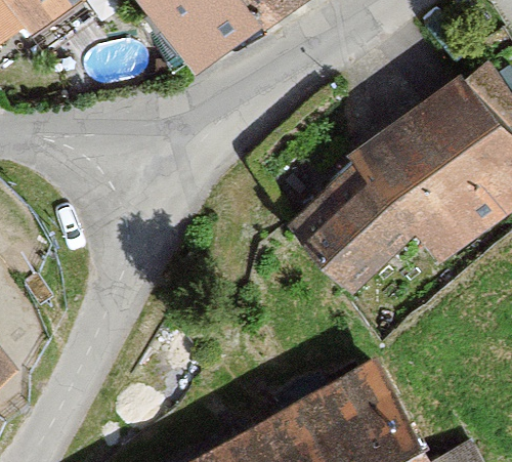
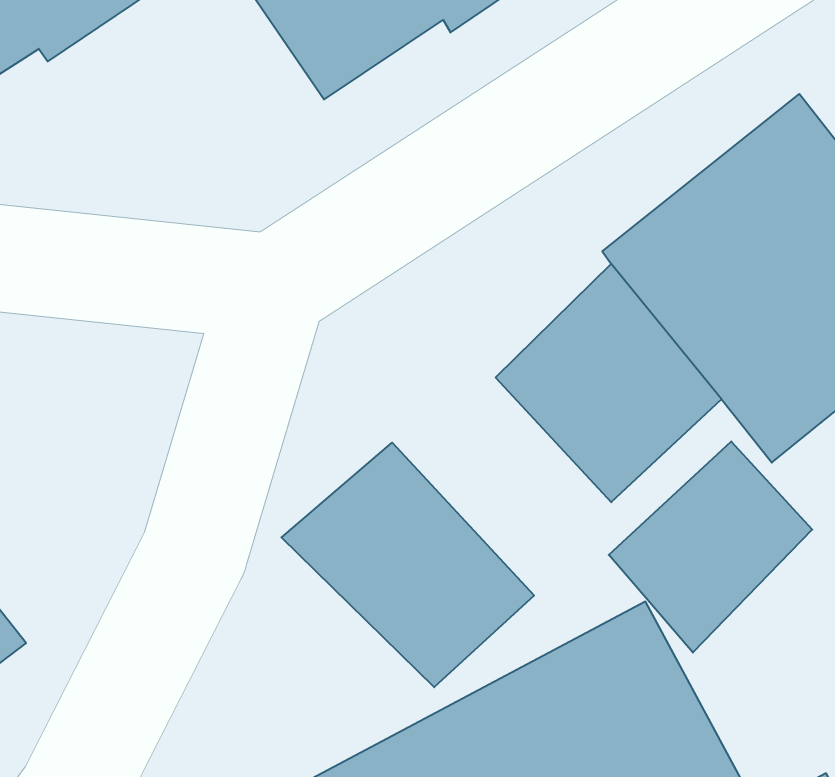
building: none -> [609,441,812,653]
building: none -> [281,443,534,687]

